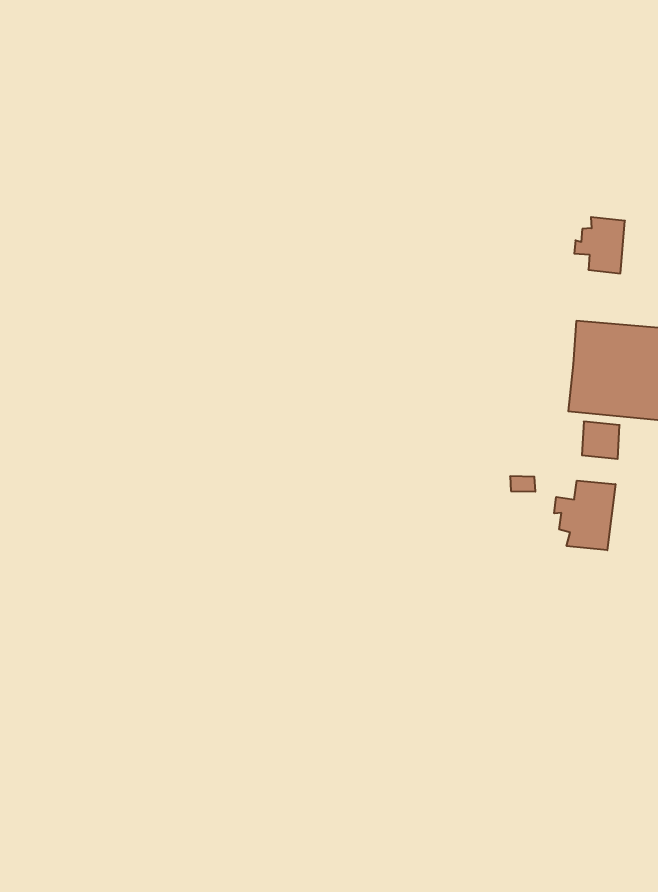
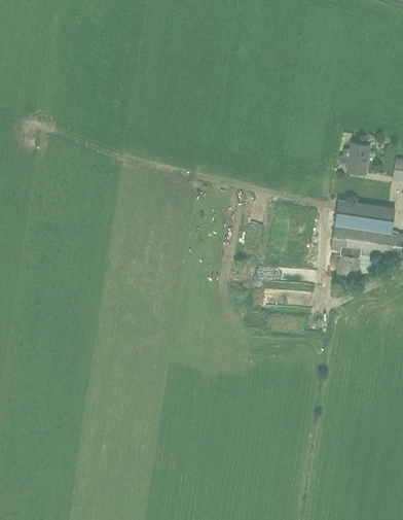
building: [554,481,615,550] -> none

